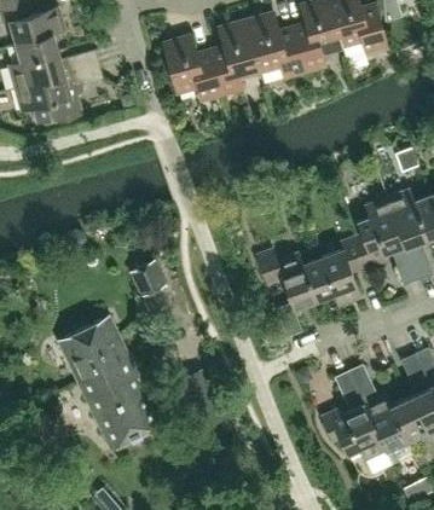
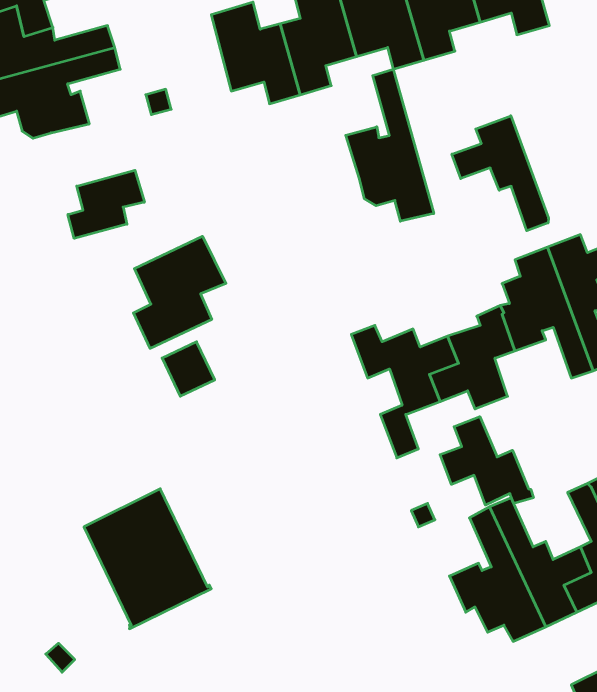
building: none -> [346,69,434,221]
building: none -> [452,116,548,231]
building: none -> [68,170,144,238]
building: none -> [133,236,226,348]
building: none -> [440,417,533,505]
building: [56,314,129,383] -> none

